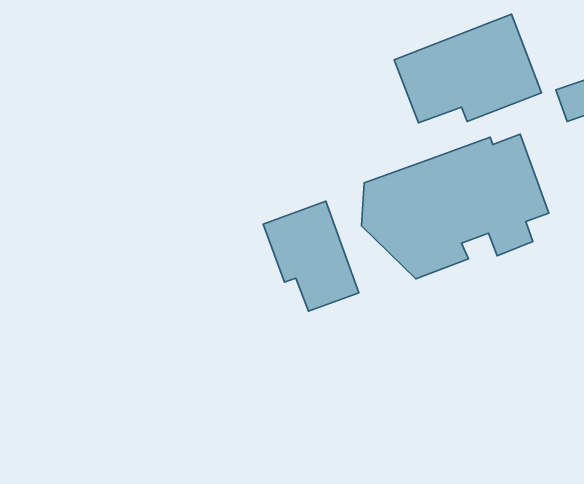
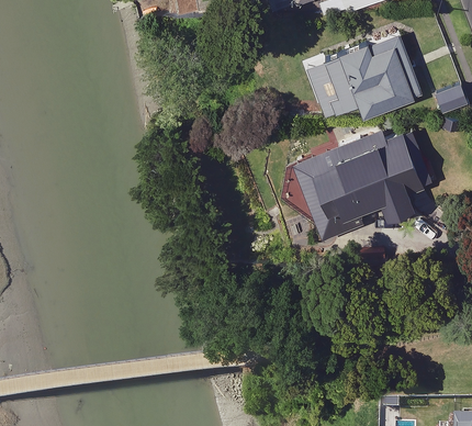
building: [263,201,359,311] -> none

